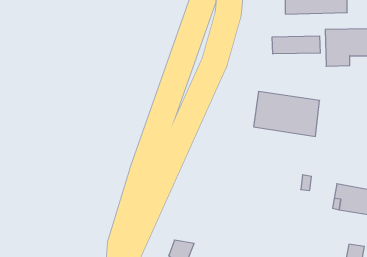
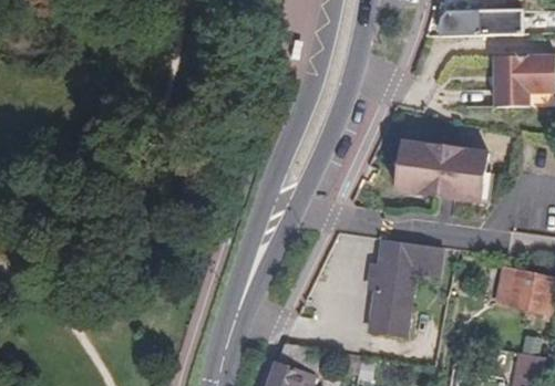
building: [272,36,320,54] -> none
building: none -> [368,237,439,332]

